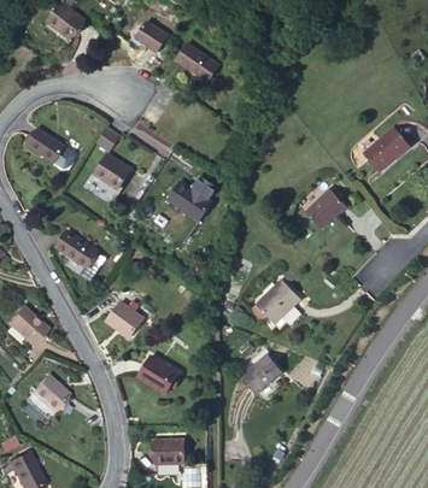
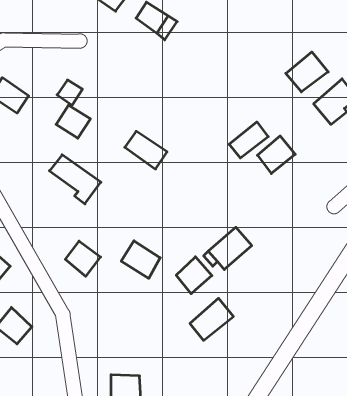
building: none -> [286,52,328,92]
building: none -> [229,122,268,158]
building: [53,225,107,277] -> [49,155,101,204]
building: none -> [176,257,212,294]
building: [139,351,180,390] -> [121,241,160,278]

